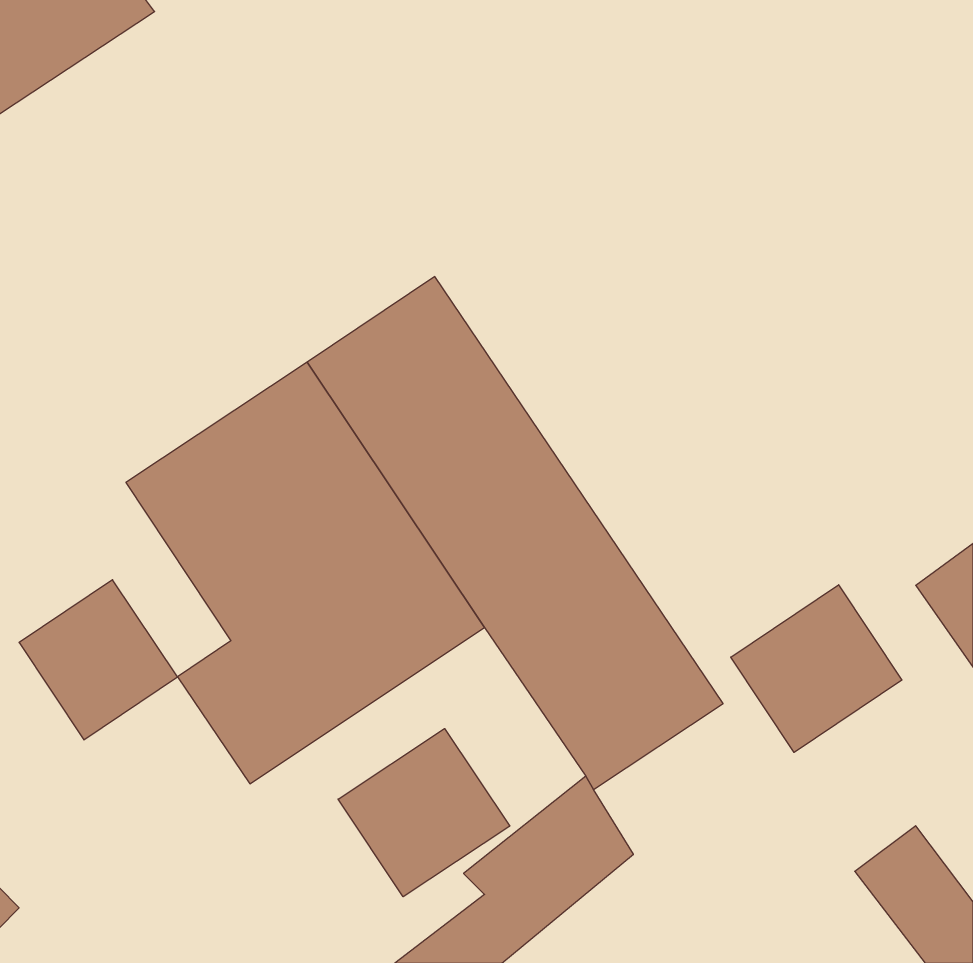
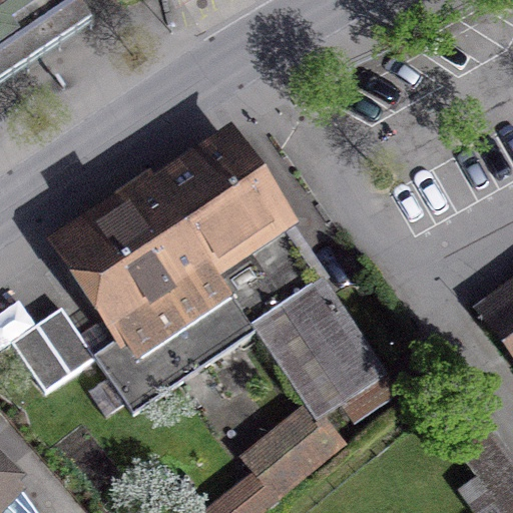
building: [731,585,902,752] -> none
building: [338,729,510,897] -> none

